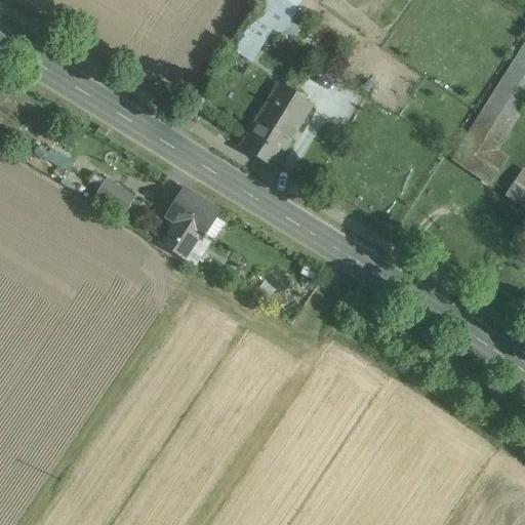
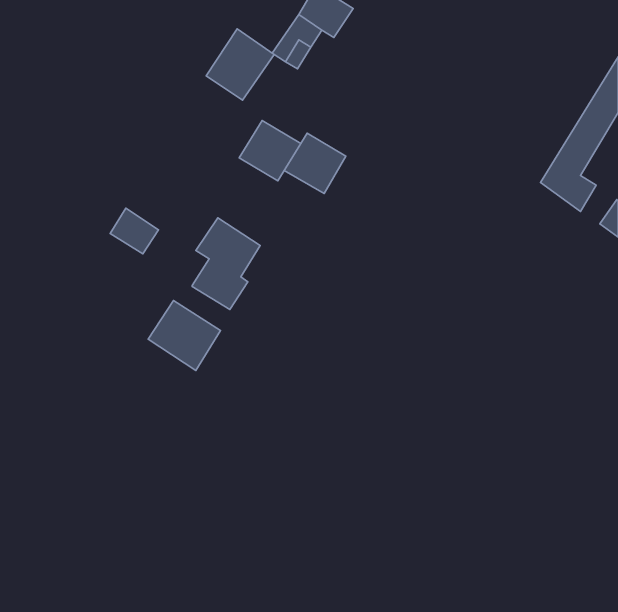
building: none -> [206,29,274,100]
building: [260,81,313,132] -> [239,120,301,181]
building: none -> [148,300,220,371]

